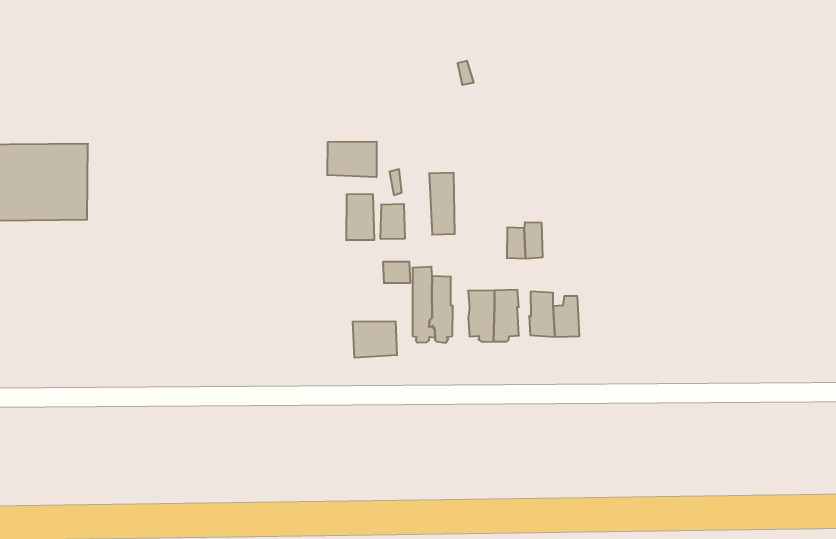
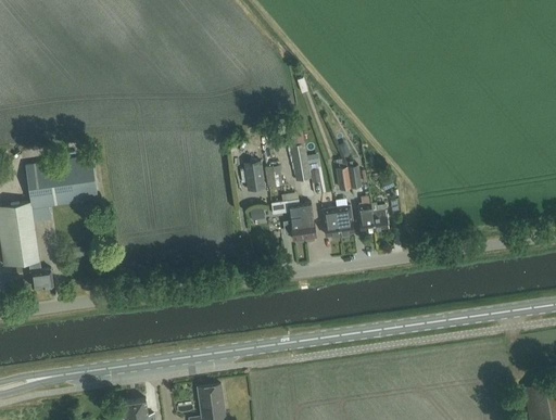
building: [327,142,377,177] -> none
building: [353,321,397,358] -> none

